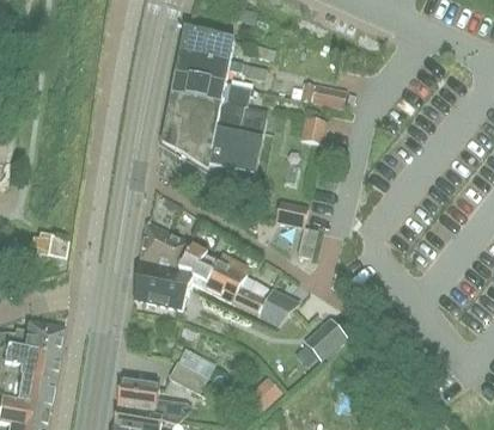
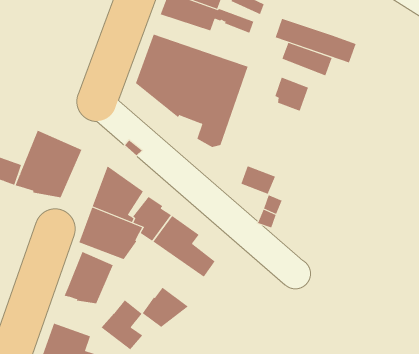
building: [173,73,251,105] -> [275,18,356,63]
building: none -> [15,130,82,198]
building: [257,285,300,324] -> [142,287,189,328]
building: none -> [64,251,113,304]
building: [304,318,344,358] -> none

